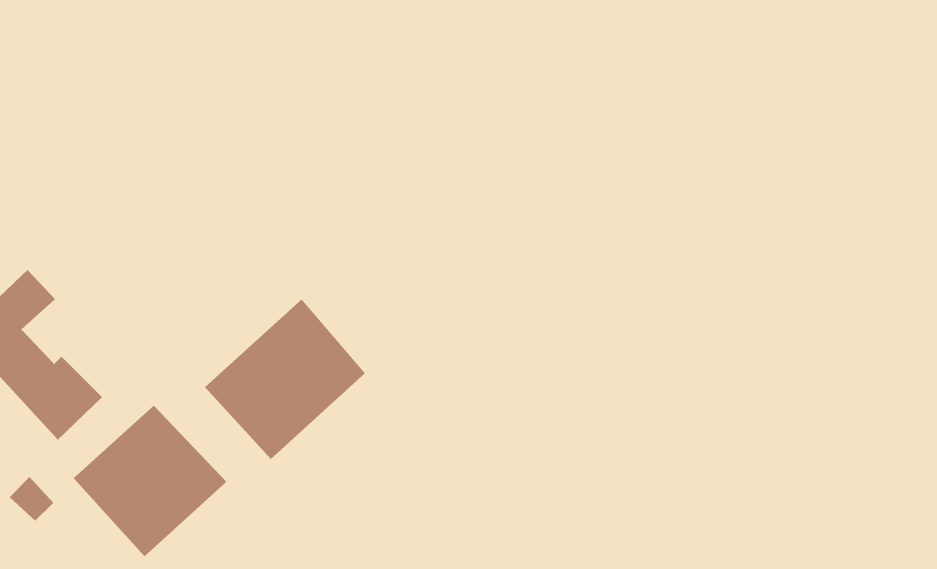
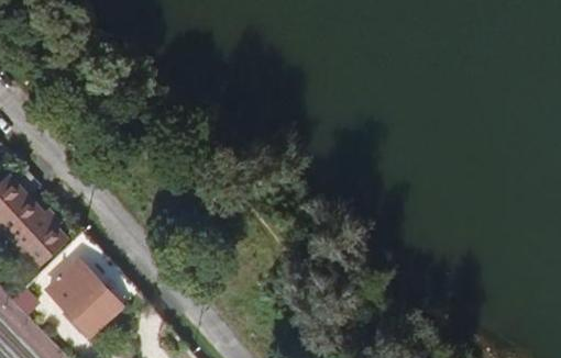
building: [204,298,366,460] -> none

